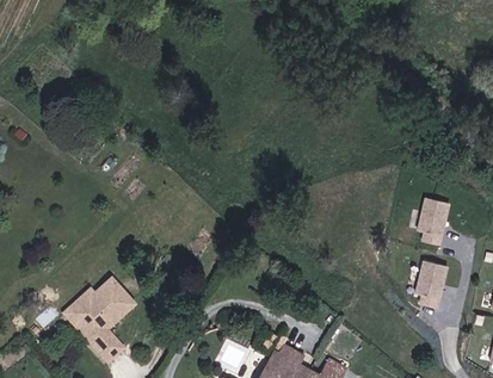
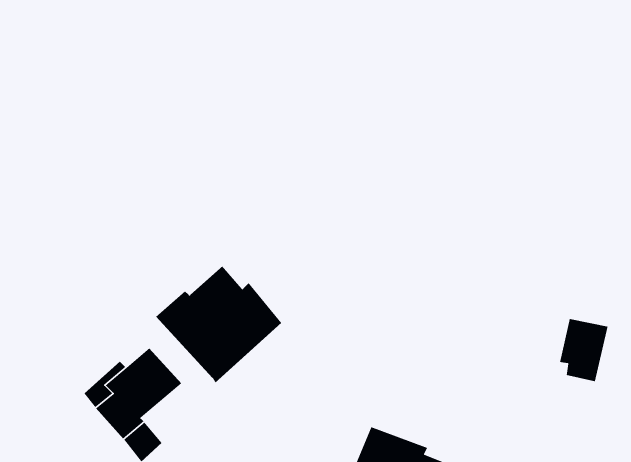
building: [415,197,450,244] -> none
building: none -> [155,266,282,383]

